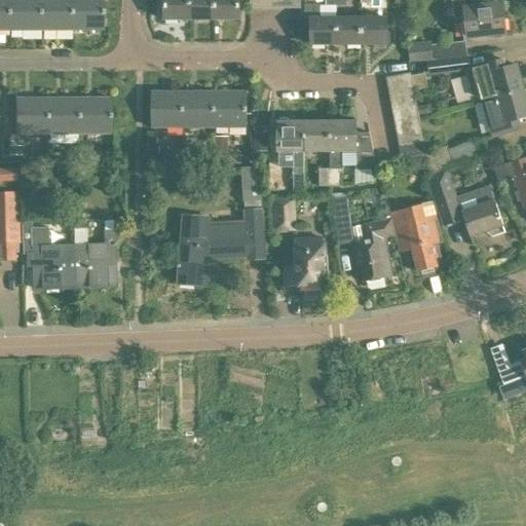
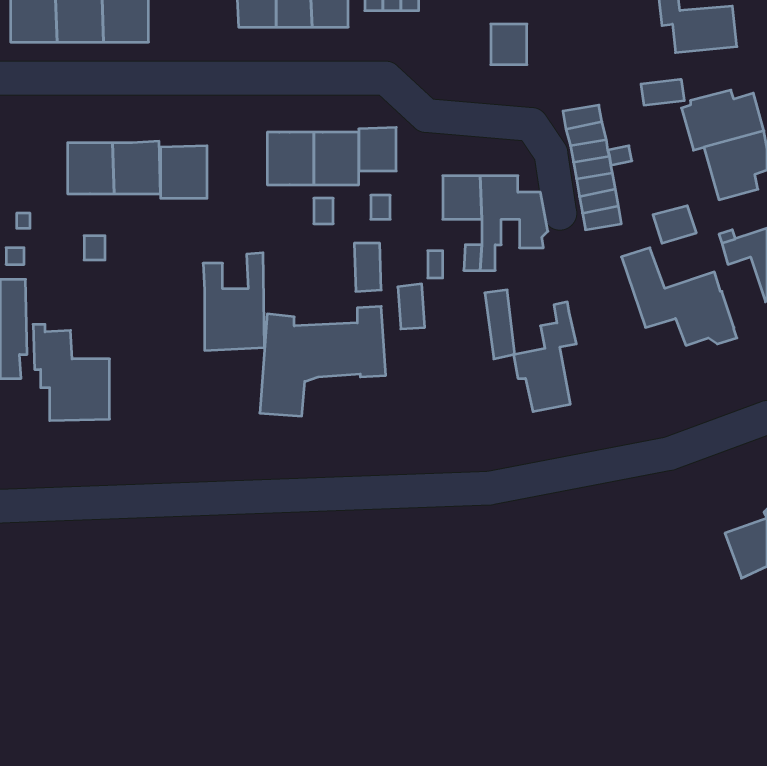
building: [304,4,336,44] -> none
building: [361,16,385,44] -> none
building: [408,41,465,61] -> none
building: [151,90,183,126] -> [161,146,207,198]
building: [14,98,46,134] -> none
building: [277,120,303,150] -> [359,127,396,171]
building: [389,203,442,271] -> none
building: [74,220,116,287] -> [203,253,265,350]
building: [293,237,324,285] -> none

